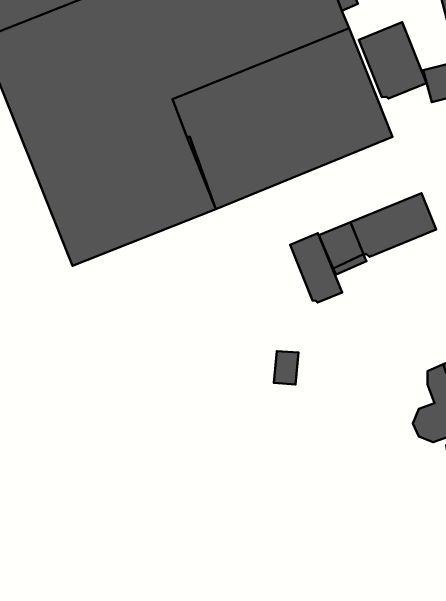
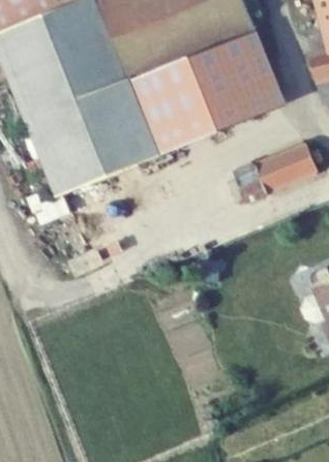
building: [359,22,427,98] -> none
building: [290,233,342,302] -> none

